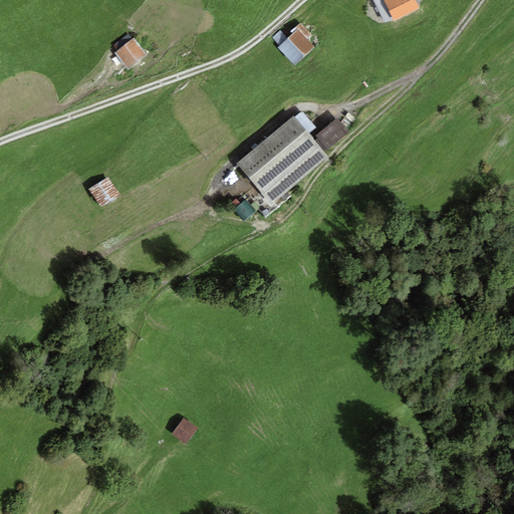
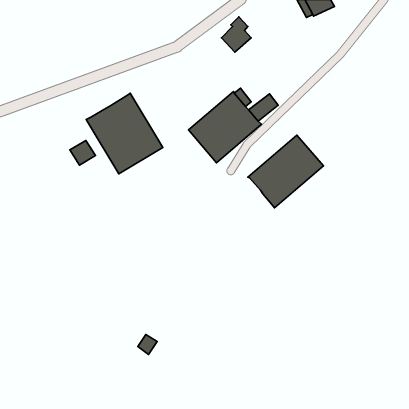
building: [115,39,146,69] -> none
building: none -> [86,93,163,174]
building: none -> [248,135,323,208]

